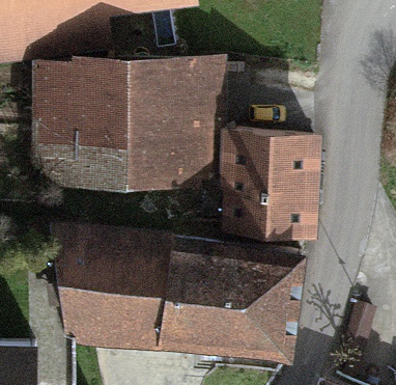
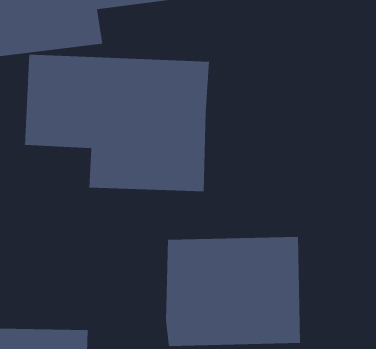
building: [206,122,308,226] -> none
building: [63,228,171,331] -> none

